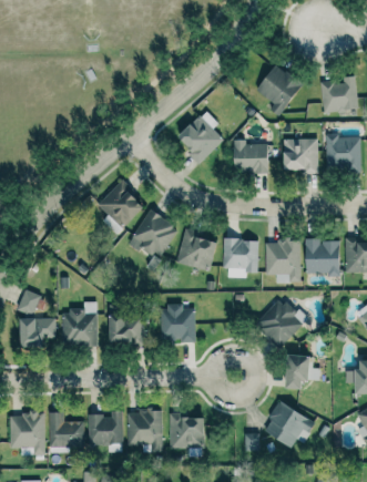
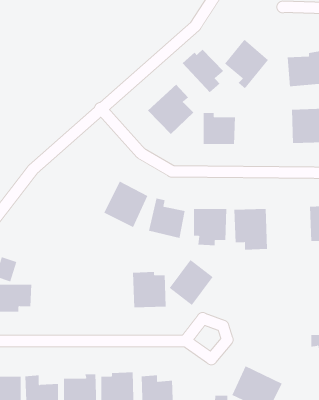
building: none -> [182,49,224,93]
building: [283,139,319,174] -> none
building: [98,182,145,234] -> none
building: [305,238,340,275] -> none
building: [256,297,303,346] -> [169,259,214,306]
building: [63,302,98,347] -> none
building: [108,316,145,345] -> none
building: [286,356,322,389] -> none

